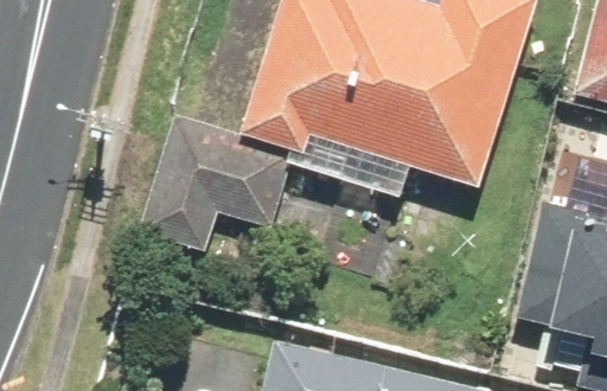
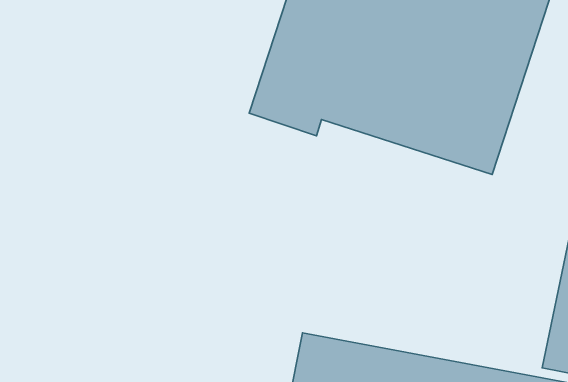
building: [146,118,299,259] -> none

